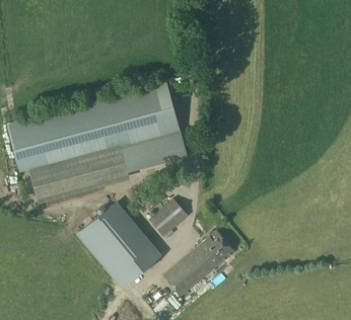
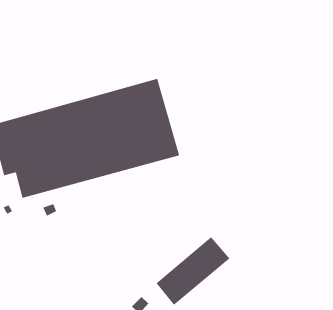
building: [150,198,189,237] -> none
building: [79,205,158,287] -> none

